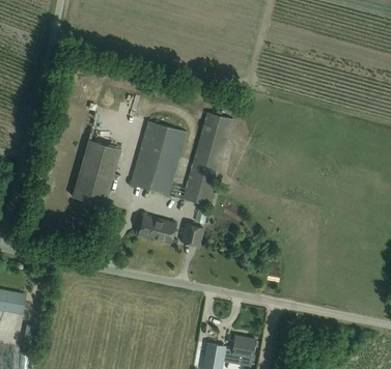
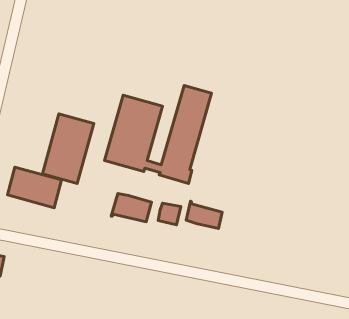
building: none -> [8,167,62,208]
building: none -> [186,201,222,228]

